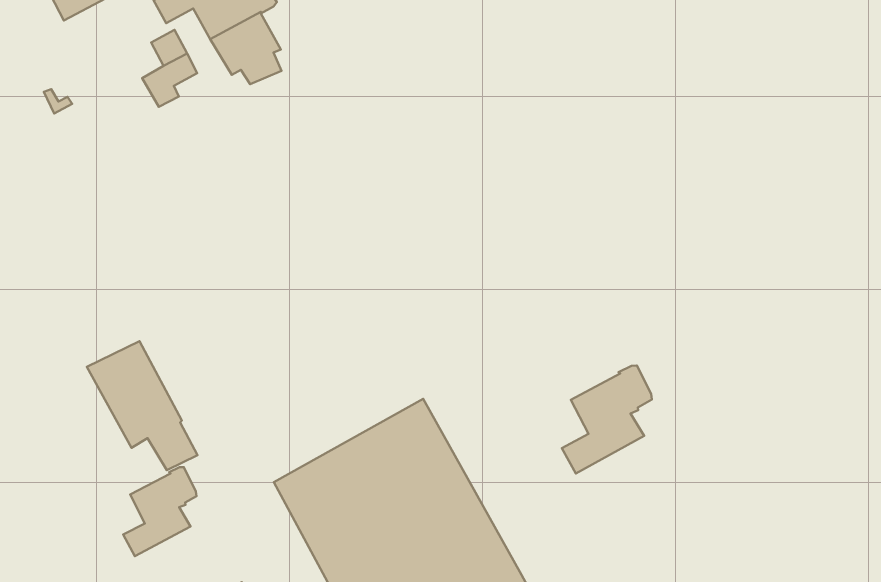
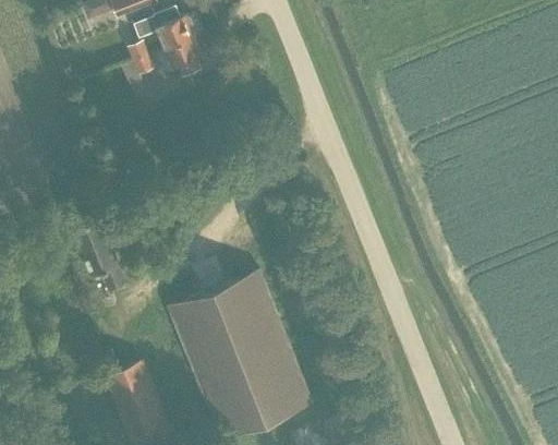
building: [562,365,652,473] -> none
building: [123,467,196,556] -> none

